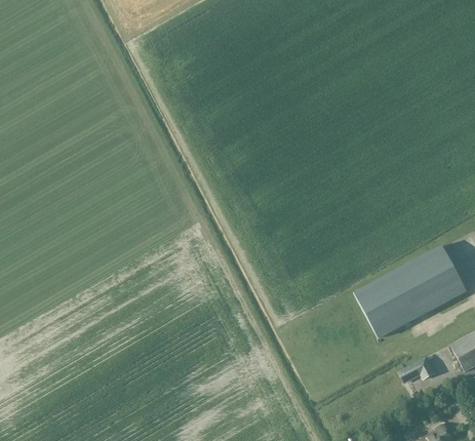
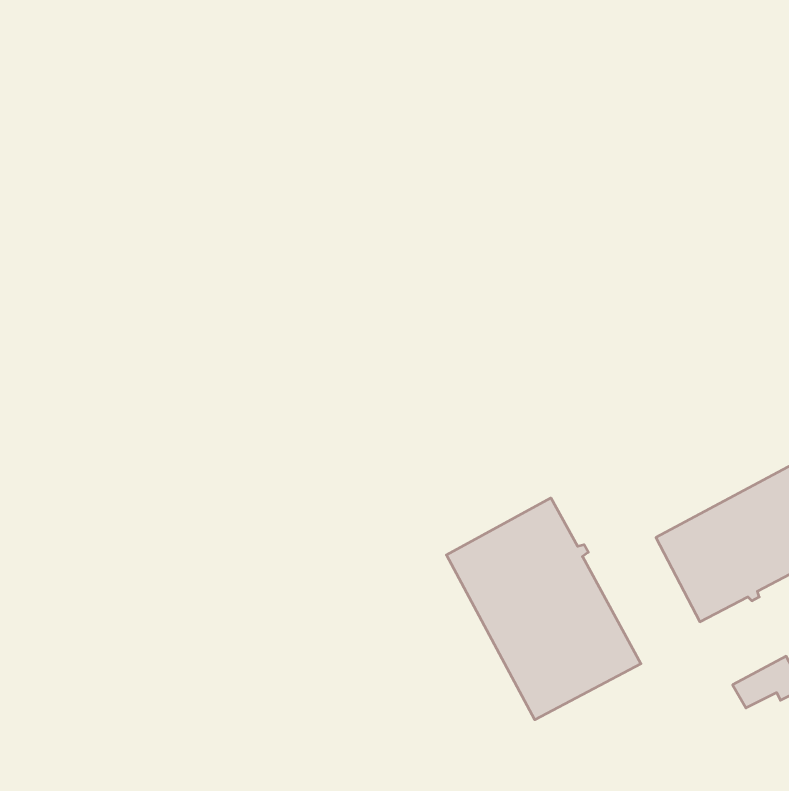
building: none -> [446,498,641,720]

